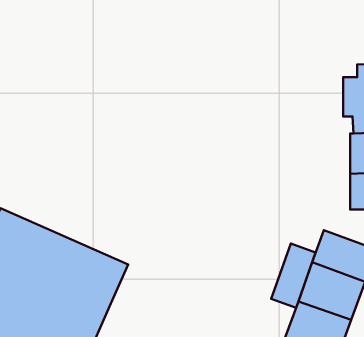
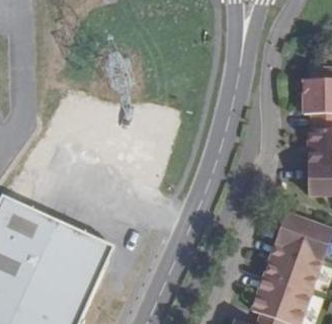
building: [271,243,316,308] -> none

